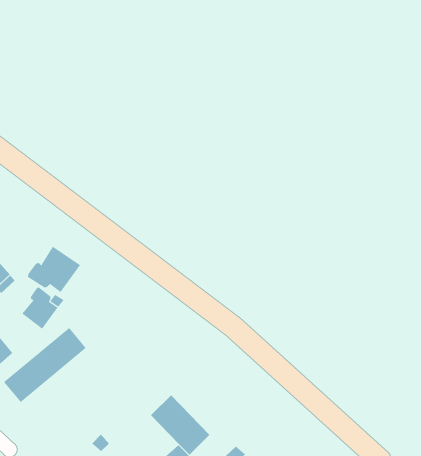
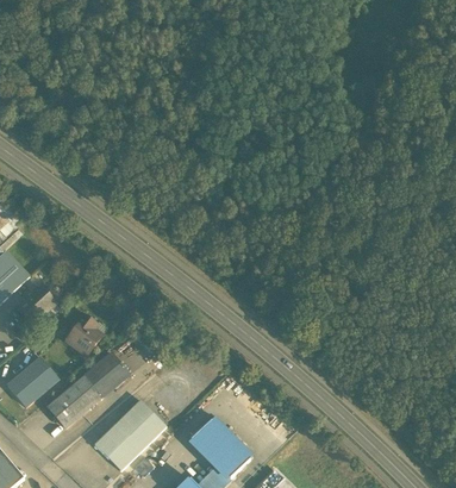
building: [27,246,81,293] -> none
building: none -> [94,400,165,471]

